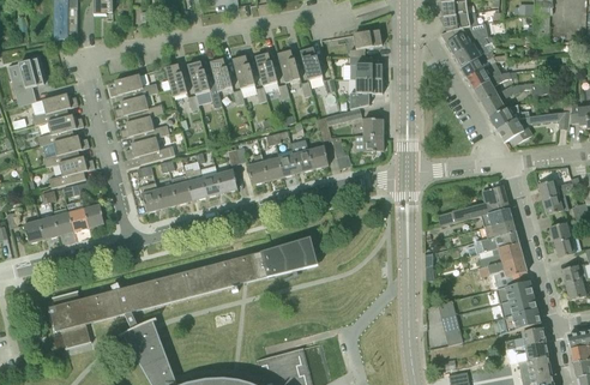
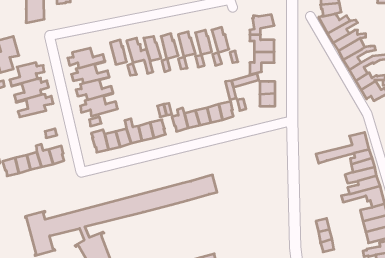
building: [44,155,94,186] -> none

